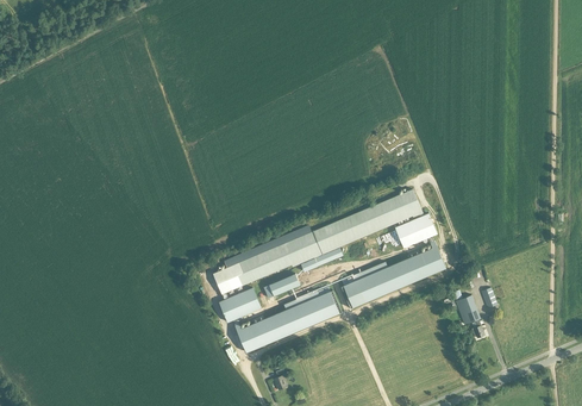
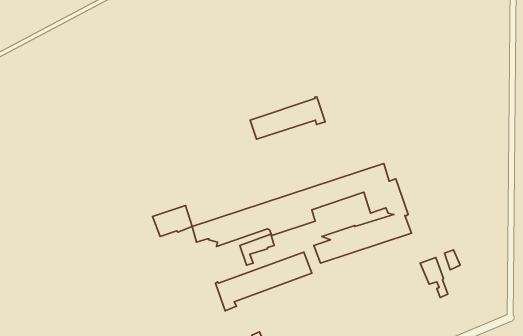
building: none -> [250,97,325,139]
building: [218,287,261,320] -> [152,205,192,236]

